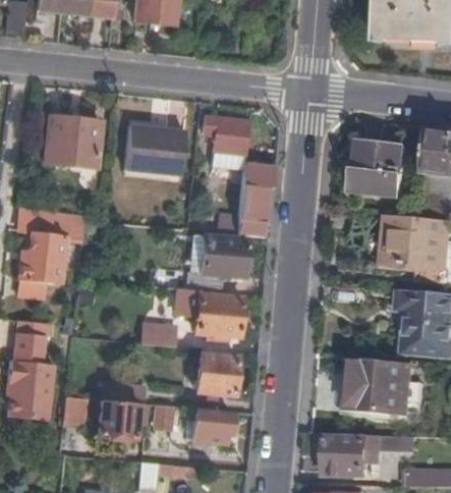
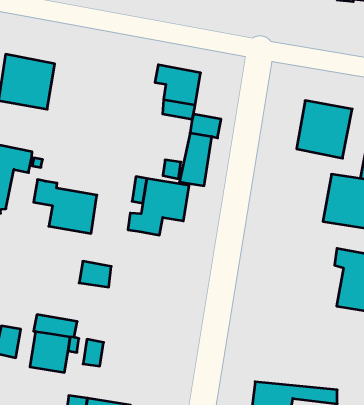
building: [125,126,184,175] -> none
building: [177,286,241,337] -> [34,180,97,233]
building: [196,353,237,394] -> none
building: [351,360,412,415] -> none
building: [188,408,230,443] -> none

